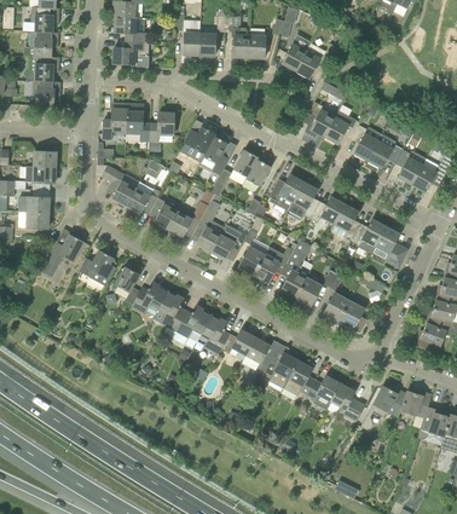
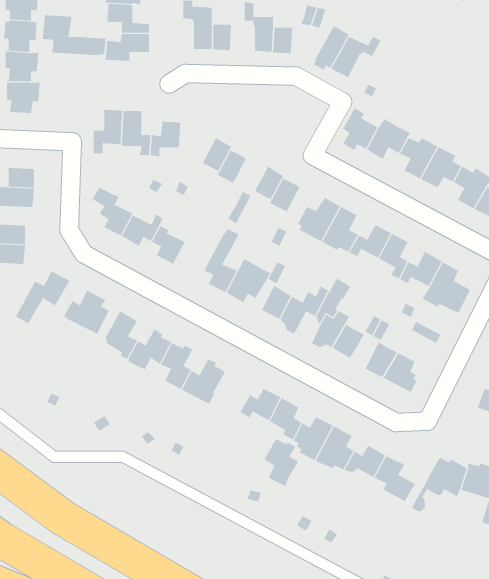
building: none -> [42,14,106,56]
building: [168,201,208,237] -> none
building: [201,313,230,354] -> [263,436,299,487]

